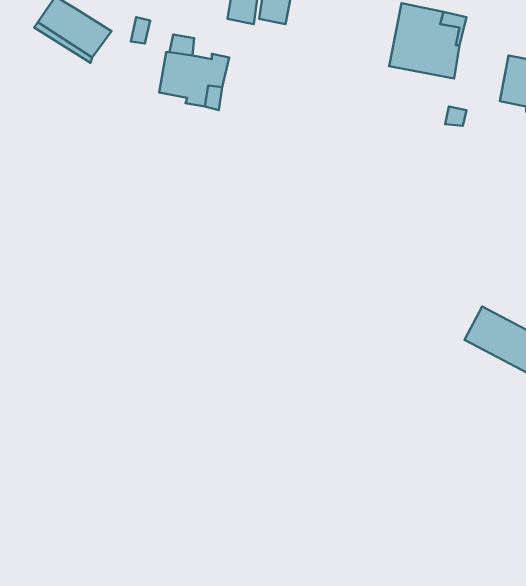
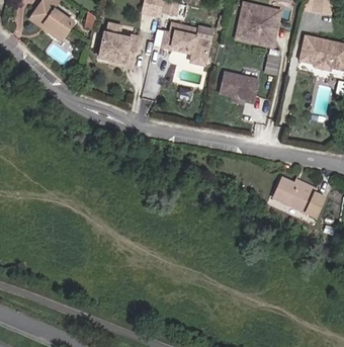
building: none -> [159,22,207,61]
building: none -> [220,73,258,102]

